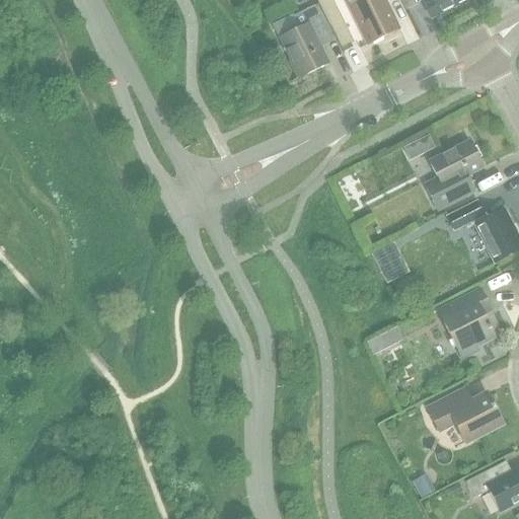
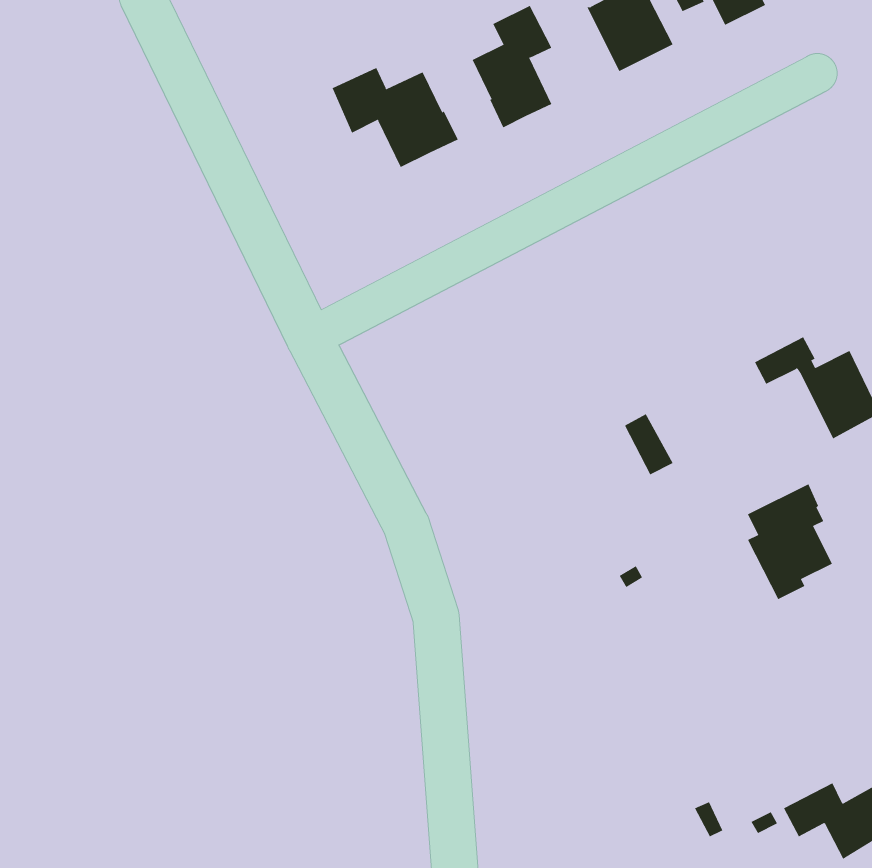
building: none -> [332,67,459,168]
building: [426,139,484,208] -> none
building: [428,391,501,440] -> none

